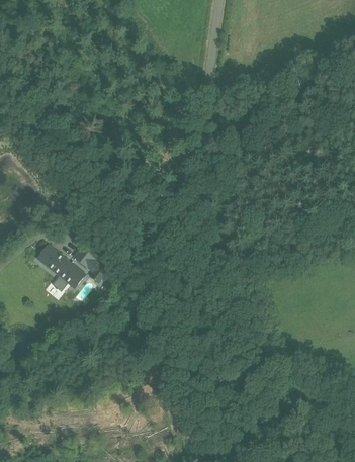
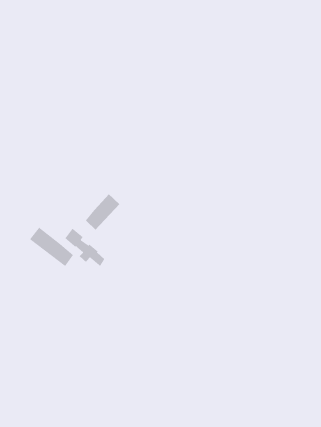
building: none -> [85,194,120,230]

